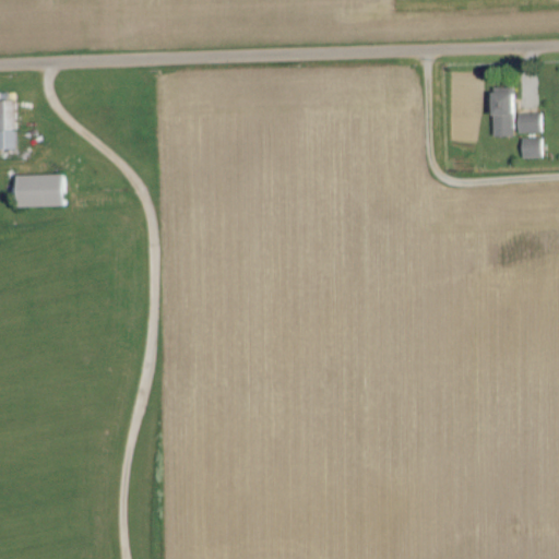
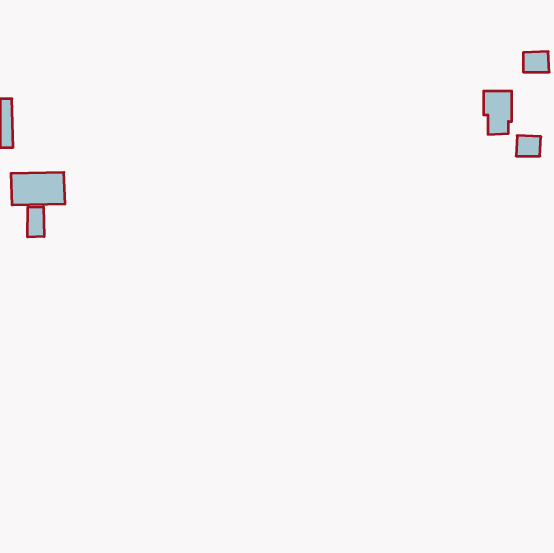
building: [518,111,544,132] -> [523,52,549,72]
building: none -> [28,207,44,237]

